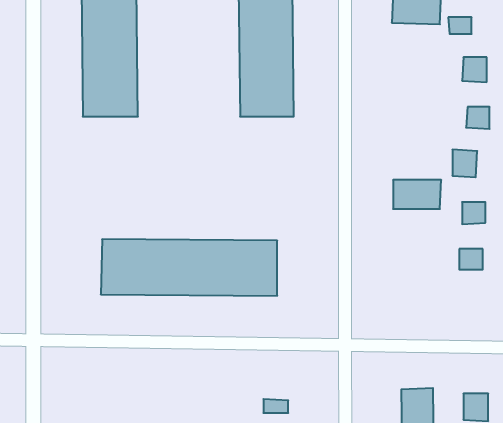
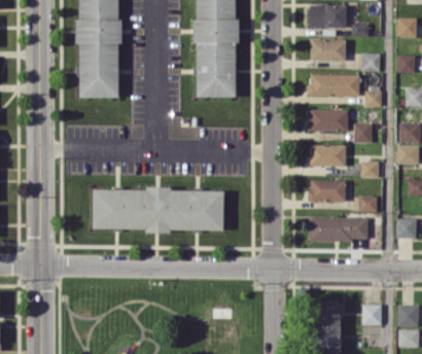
building: none -> [310,39,345,62]
building: none -> [308,75,359,96]
building: none -> [309,109,348,132]
building: none -> [309,180,346,202]
building: none -> [309,217,367,242]

